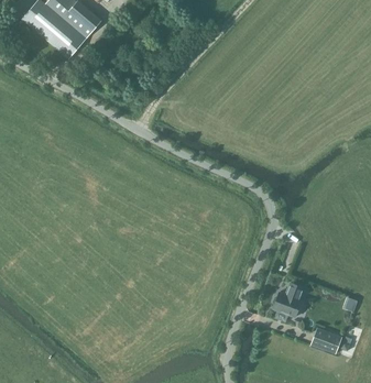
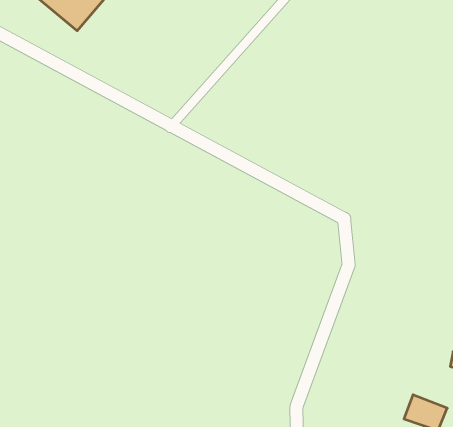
building: [275,281,306,316] -> none

